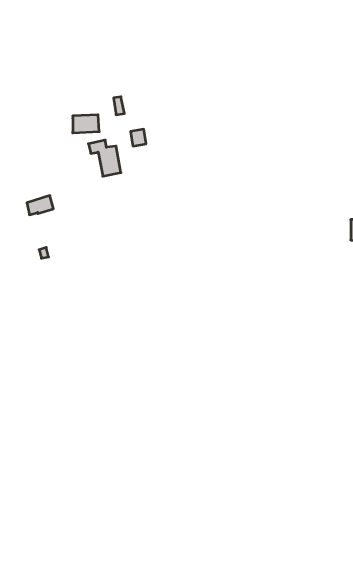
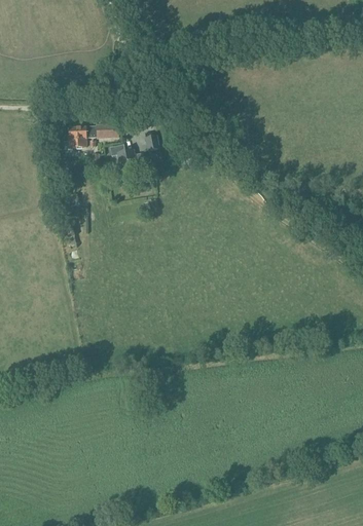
building: none -> [68,126,94,146]

